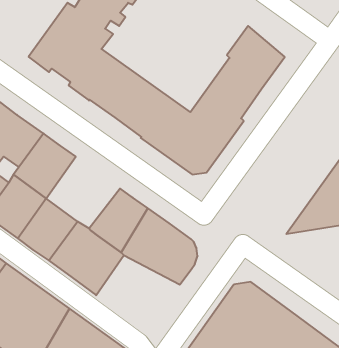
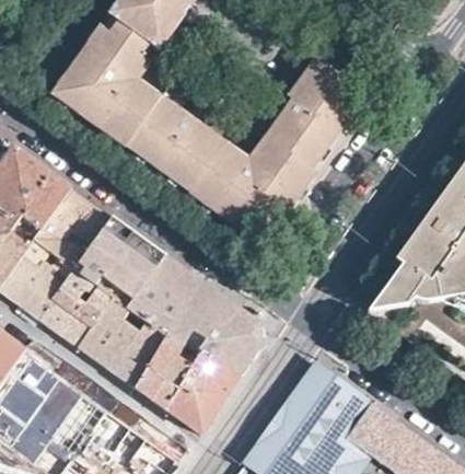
building: none -> [72,213,163,302]
building: none -> [133,335,236,431]

